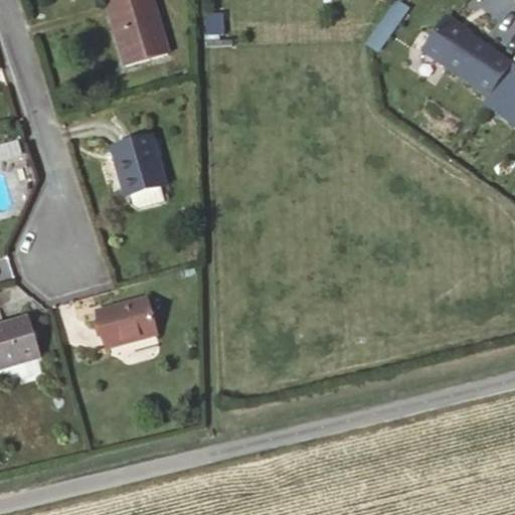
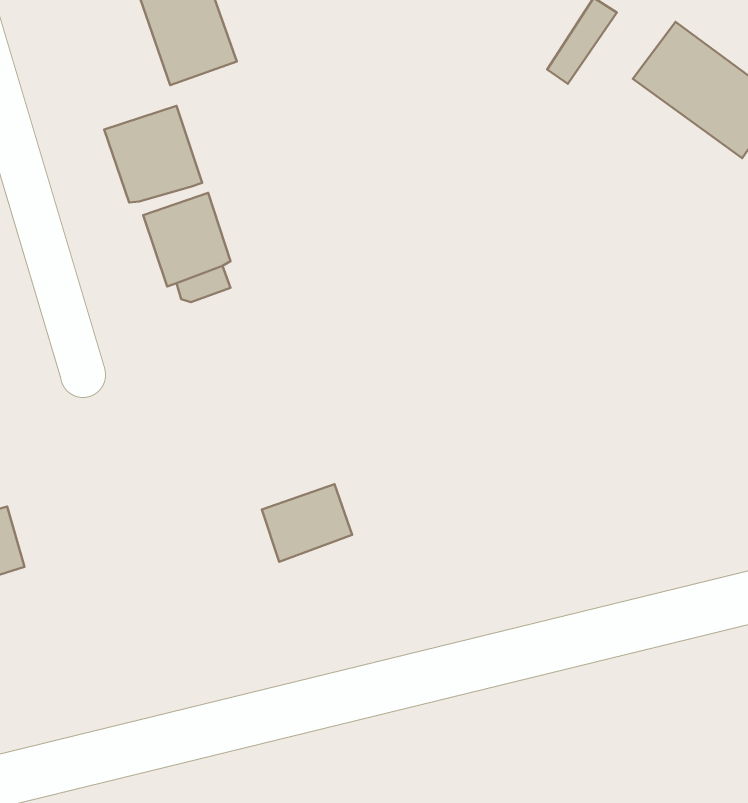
building: none -> [104,106,202,203]
building: [98,294,155,343] -> [262,484,352,562]

